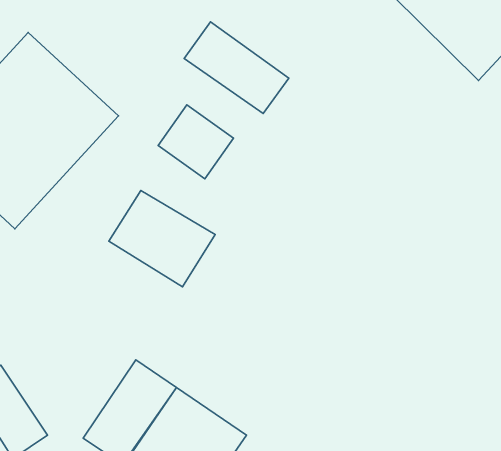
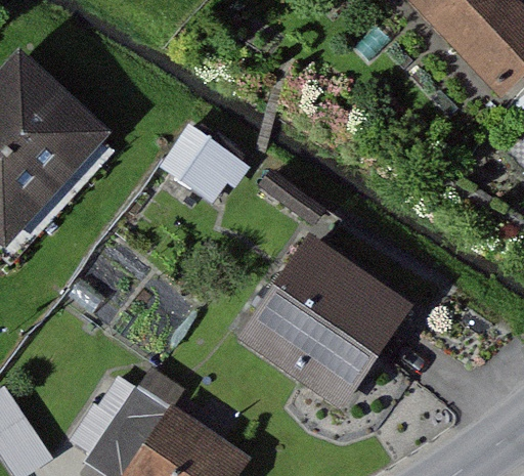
building: [184,22,289,113] -> none
building: [109,190,215,287] -> none
building: none -> [223,235,388,399]

